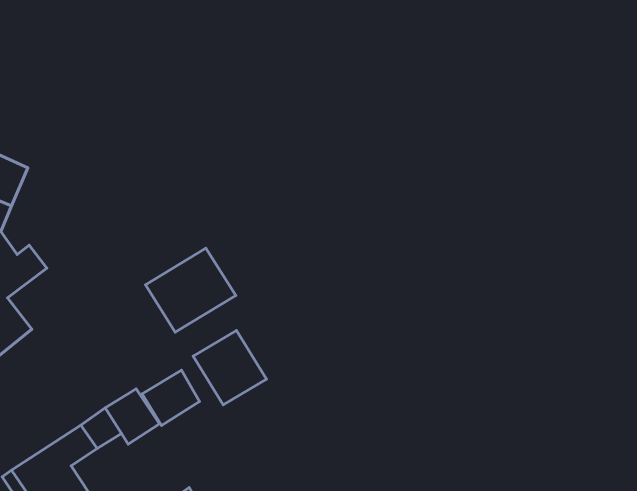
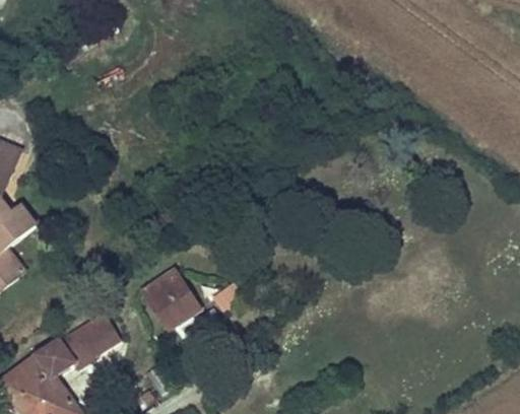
building: [145,248,236,332] -> none
building: [142,370,200,425] -> none

